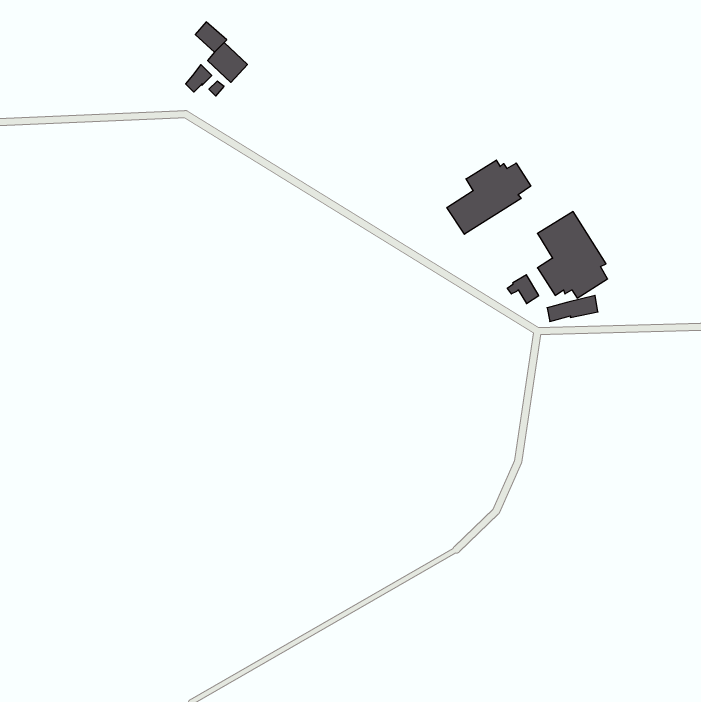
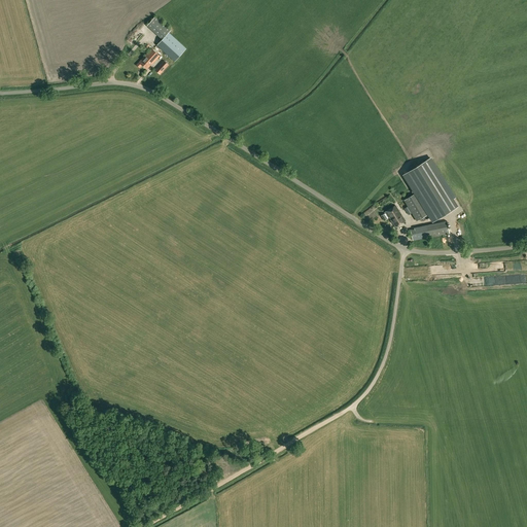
building: [447,160,531,234] -> none

